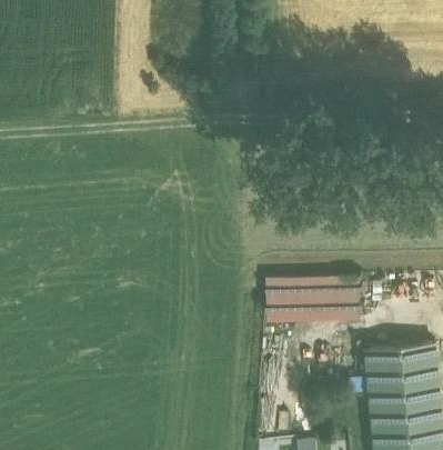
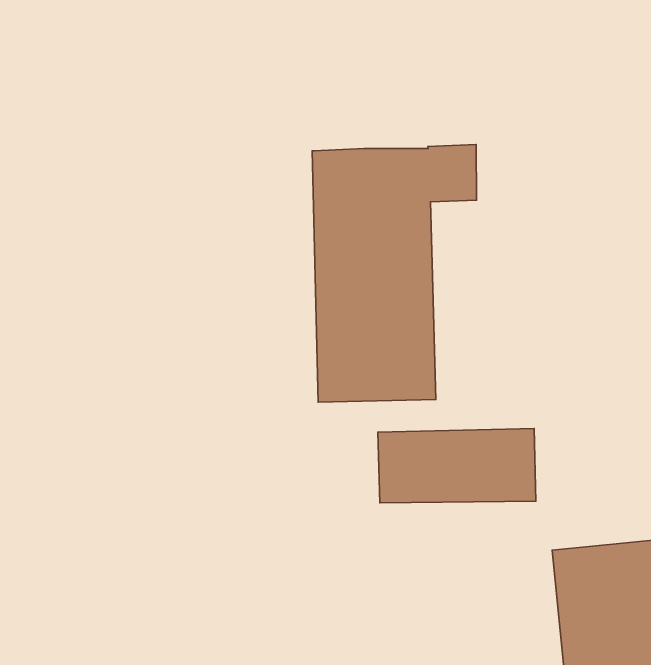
building: none -> [312,144,477,402]

